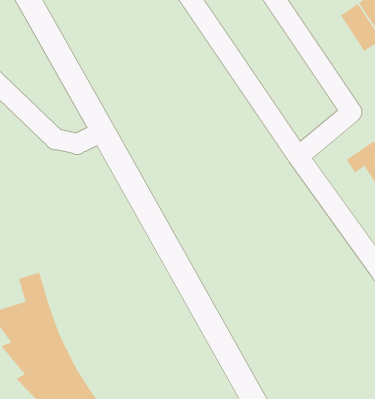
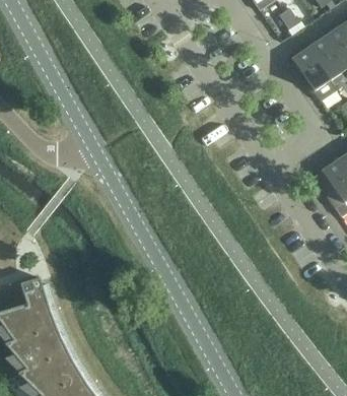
building: none -> [292,48,330,91]

